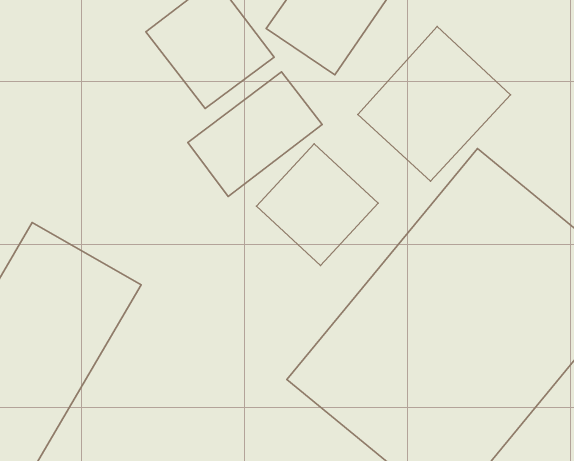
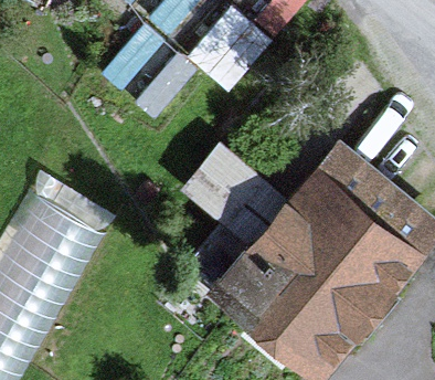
building: [358,26,510,181] -> none
building: [188,72,322,197] -> none

